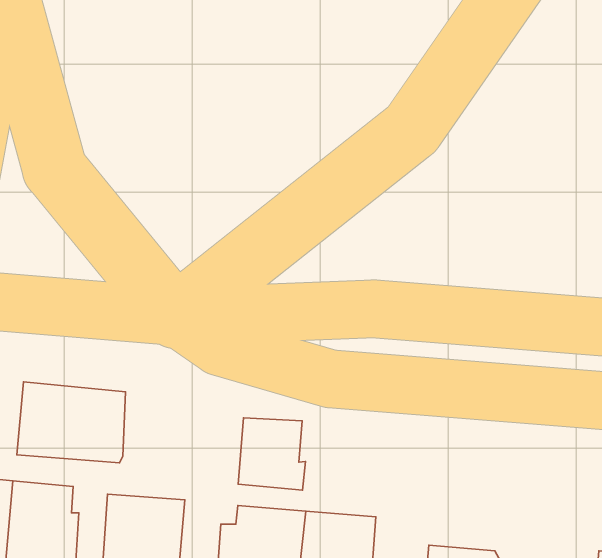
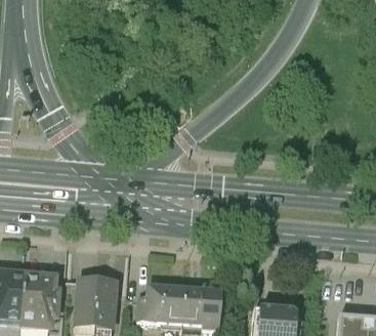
building: [17,382,126,463] -> none
building: [238,418,305,490] -> none

